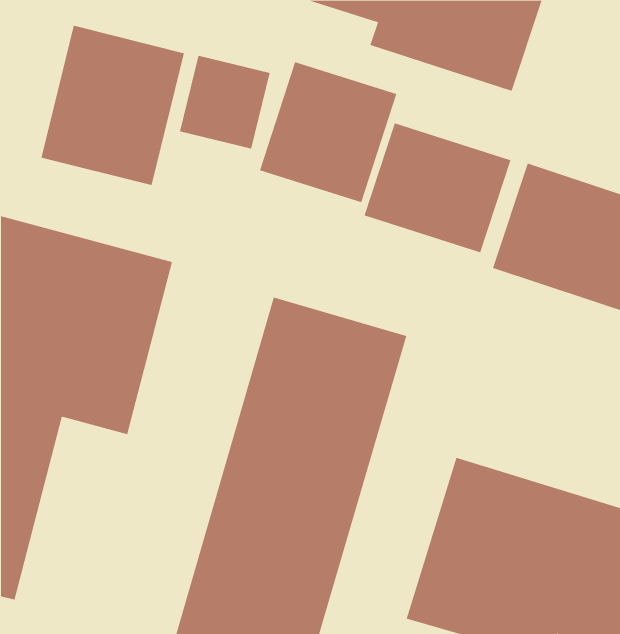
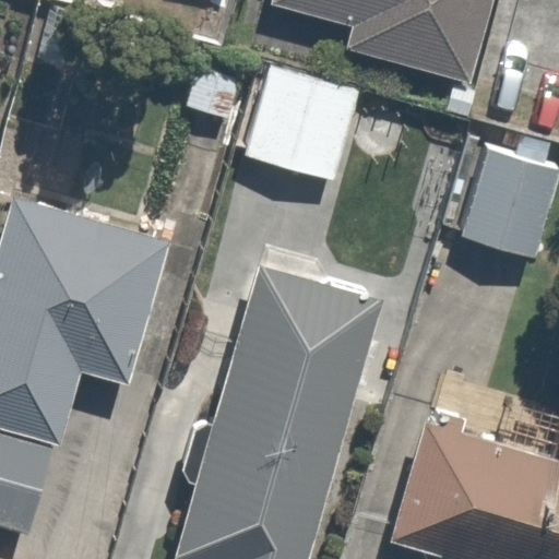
building: [41,25,184,186] -> none
building: [364,122,511,253] -> none

